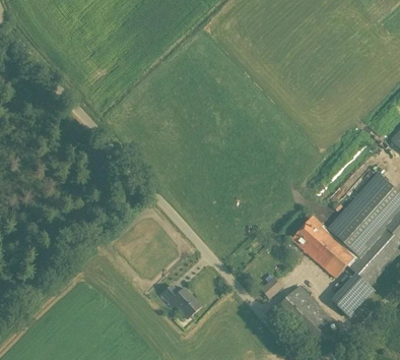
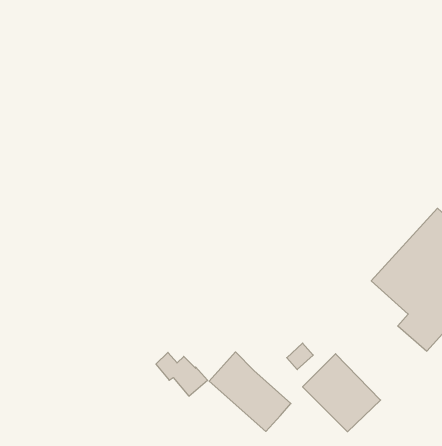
building: [291,215,354,276] -> [209,352,291,431]
building: [333,276,371,315] -> none

